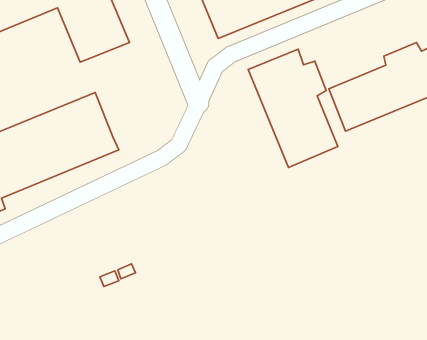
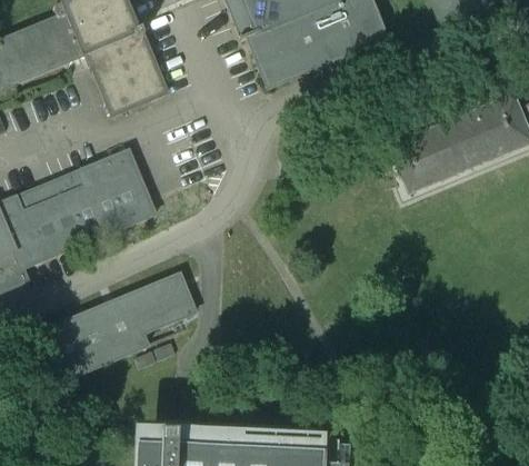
building: [248,49,338,167] -> none
building: none -> [42,272,194,378]

